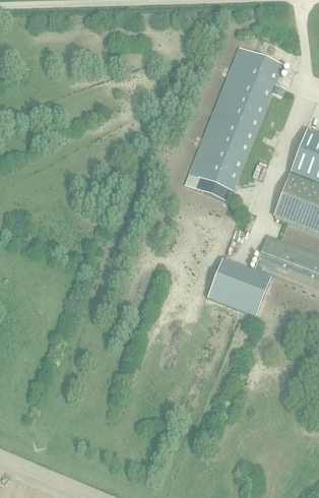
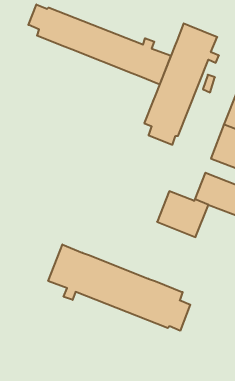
building: none -> [28,4,171,84]
building: none -> [48,244,190,331]

